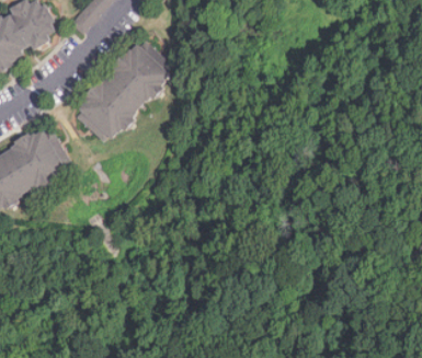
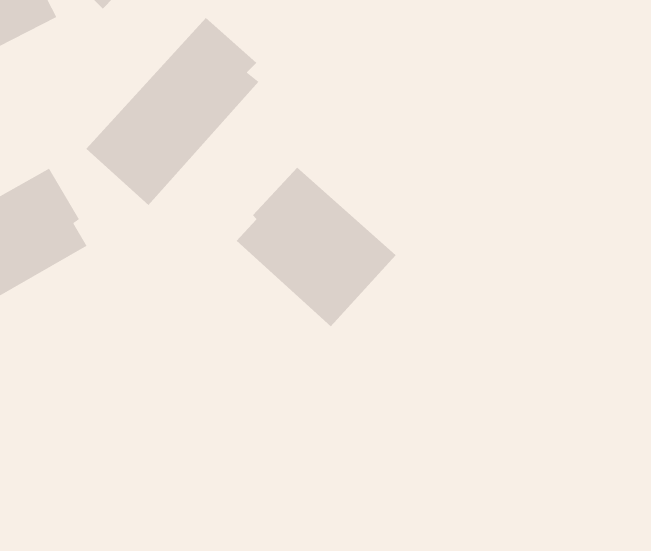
building: none -> [236,167,396,327]

